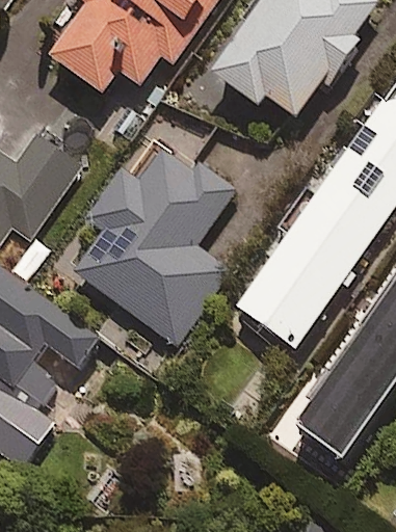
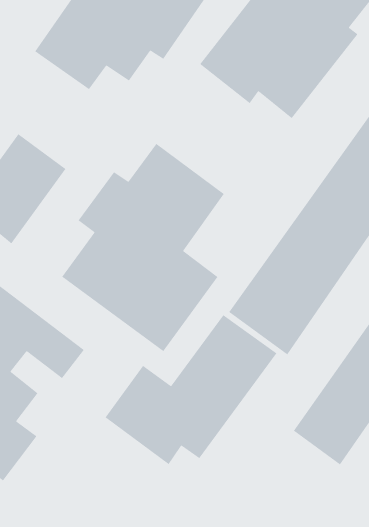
building: none -> [104,314,278,465]

